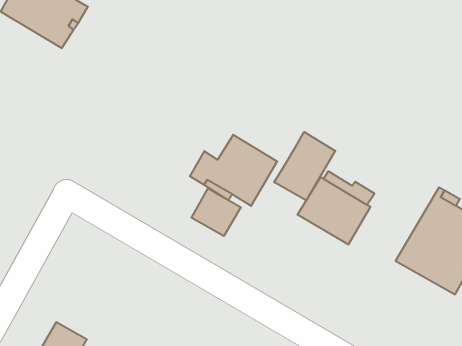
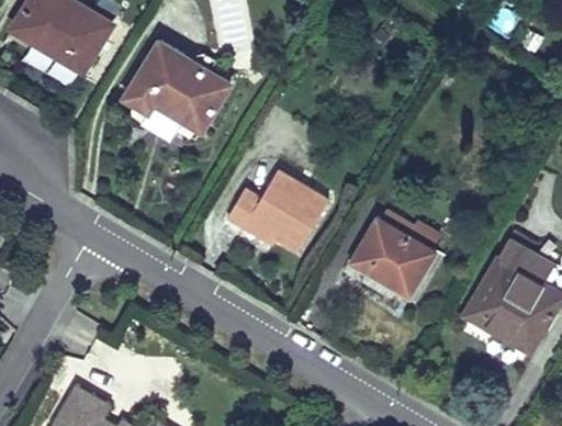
building: none -> [126,42,228,131]
building: [274,132,335,201] -> none
building: [191,188,241,236] -> none

